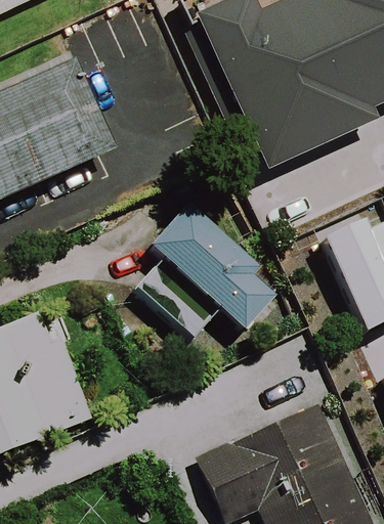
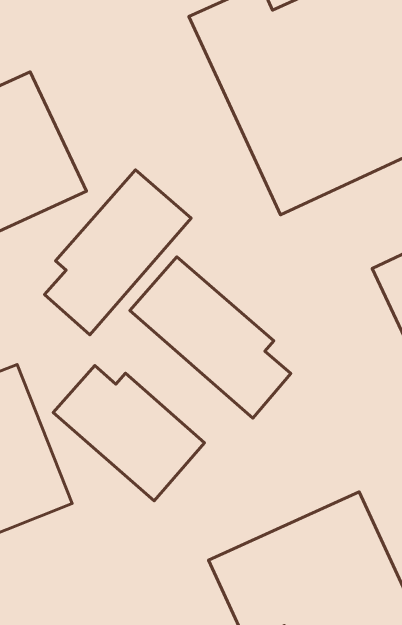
building: none -> [45,170,191,335]
building: none -> [53,365,205,501]

